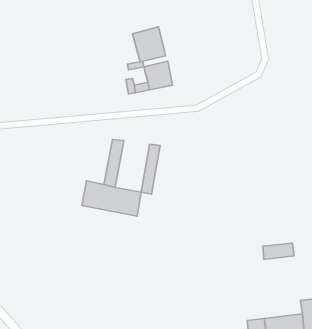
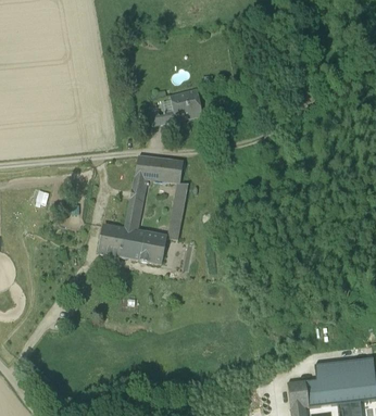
building: [133,27,165,62] -> none
building: none -> [134,155,183,182]
building: [263,243,294,259] -> [314,361,350,379]

